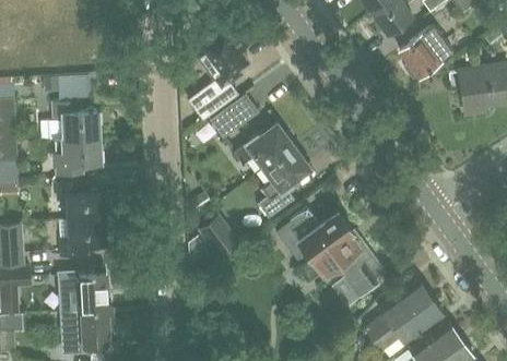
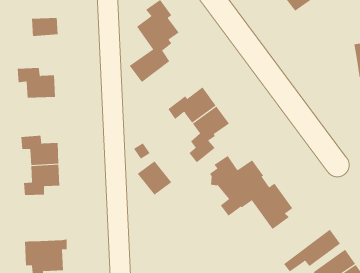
building: [399,25,451,80] -> none
building: [58,75,91,98] -> [31,17,58,36]
building: [210,94,258,137] -> none
building: [55,137,99,176] -> none
building: [58,268,106,312] -> none
building: [365,279,431,339] -> none

